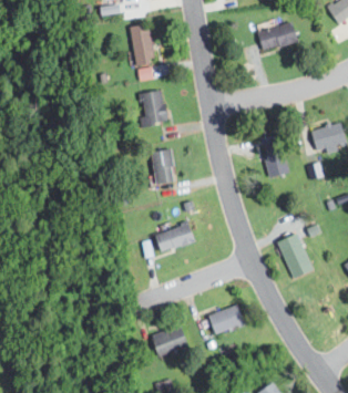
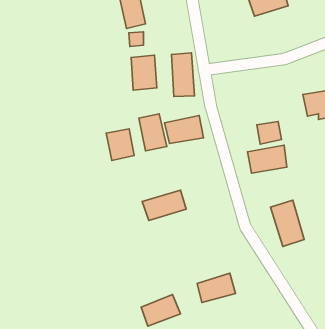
building: none -> [171,53,195,96]
building: none -> [164,115,204,143]
building: none -> [106,129,134,161]
building: none -> [248,145,287,173]

